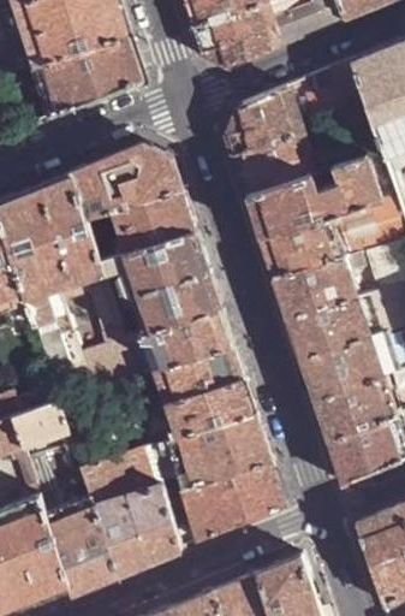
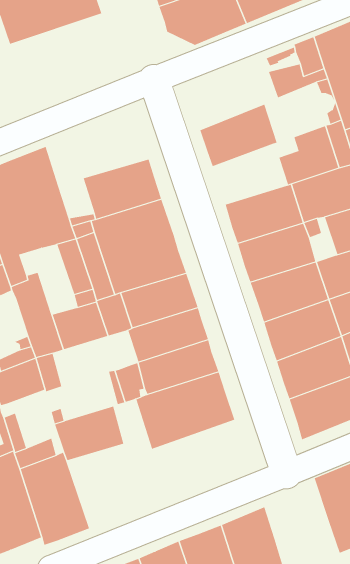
building: [34,35,145,119] -> none
building: [226,85,302,158] -> none
building: [72,144,180,217] -> none
building: [246,172,326,236] -> none
building: [183,462,286,543] -> none
building: [94,485,181,576] -> none

